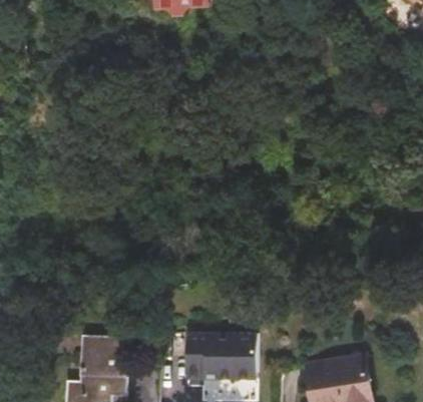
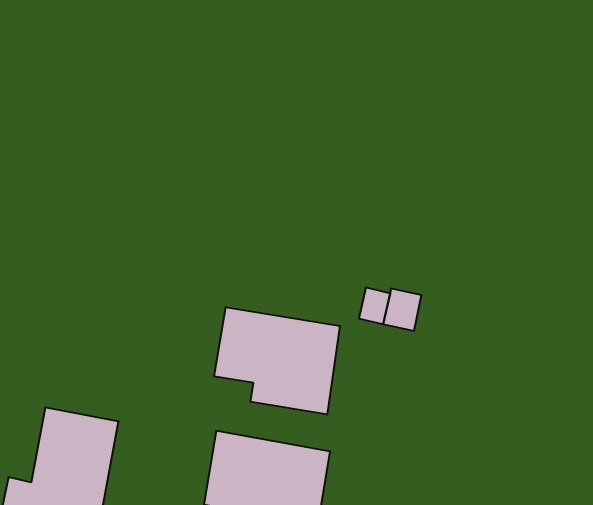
building: none -> [214,307,340,415]

